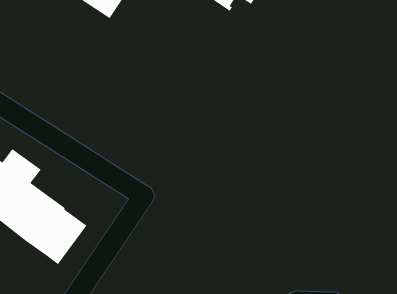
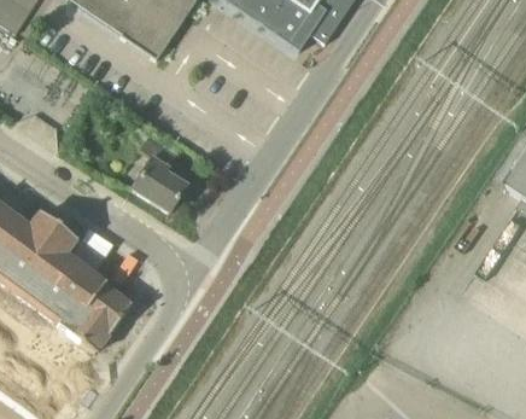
building: none -> [134,135,188,211]

